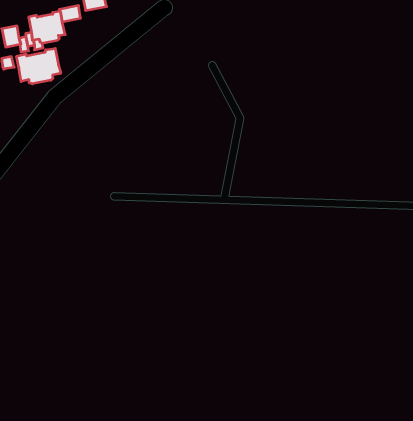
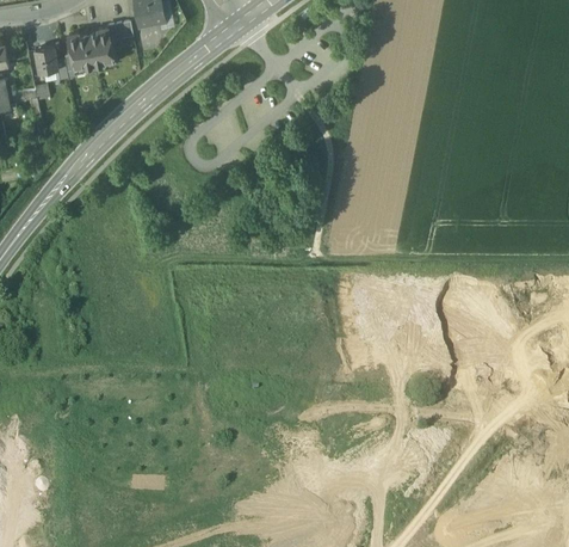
building: [17,48,61,84] -> none

